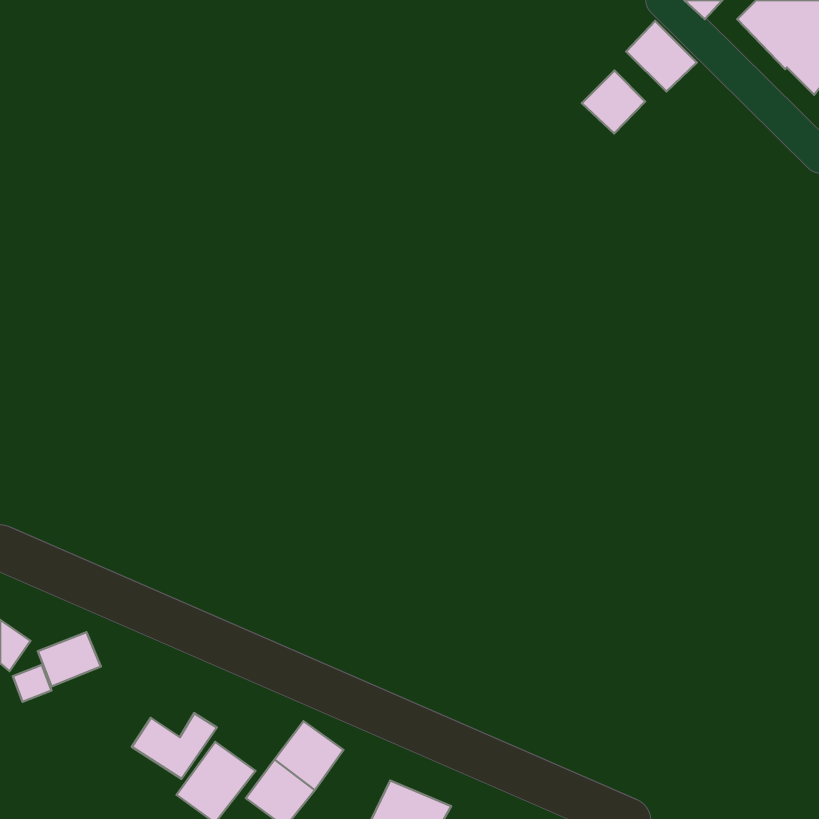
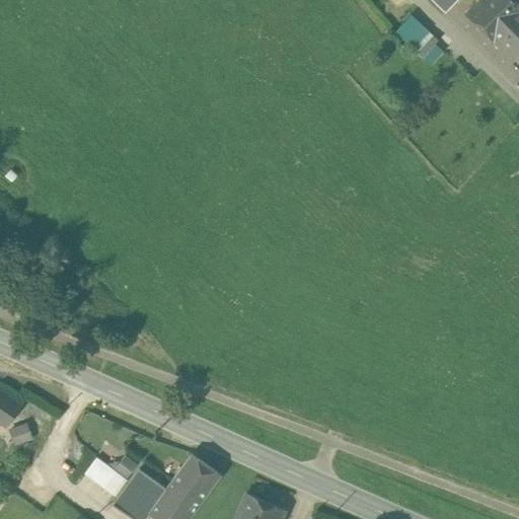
building: [582,71,645,134] -> none
building: [38,632,101,687] -> none

